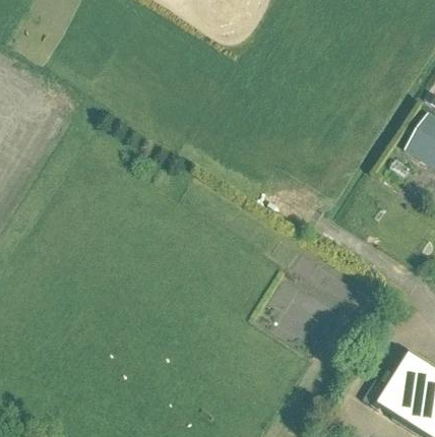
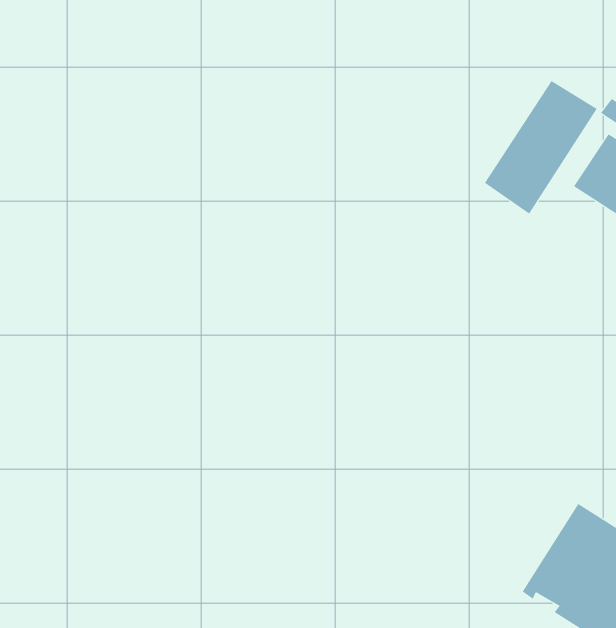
building: none -> [484,80,598,214]

